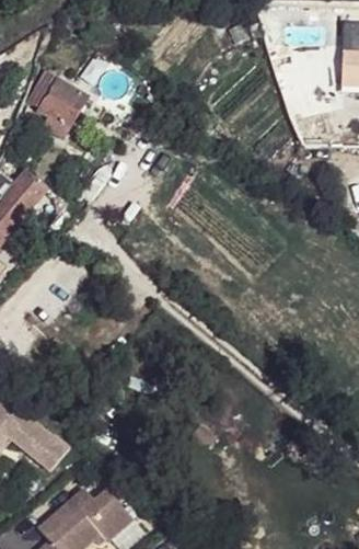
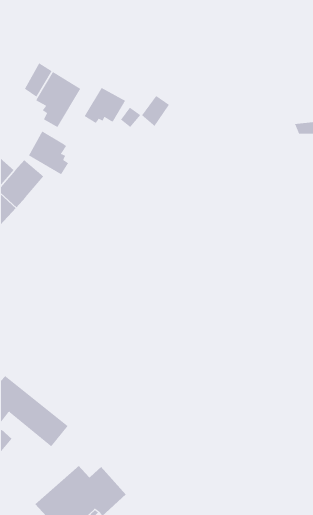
building: none -> [84,87,126,124]
building: none -> [28,131,69,175]

